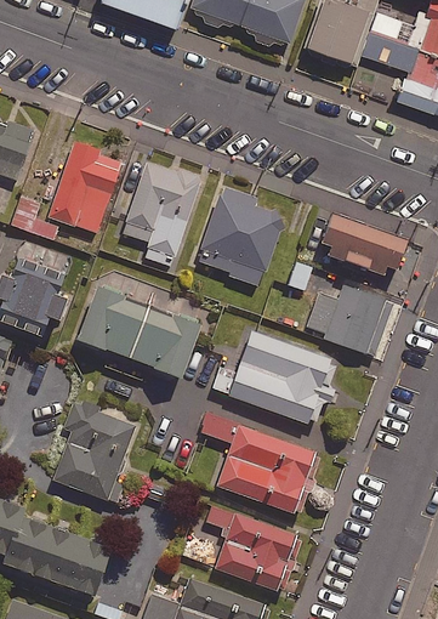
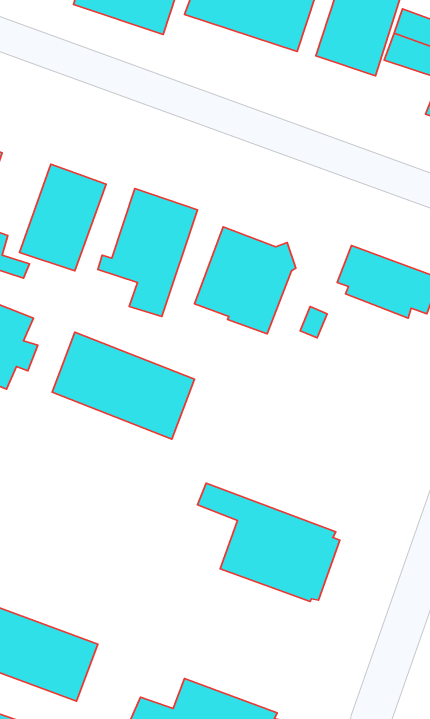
building: [306,285,393,357] -> none
building: [212,334,337,426] -> none
building: [52,403,136,509] -> none
building: [204,504,303,592] -> none

